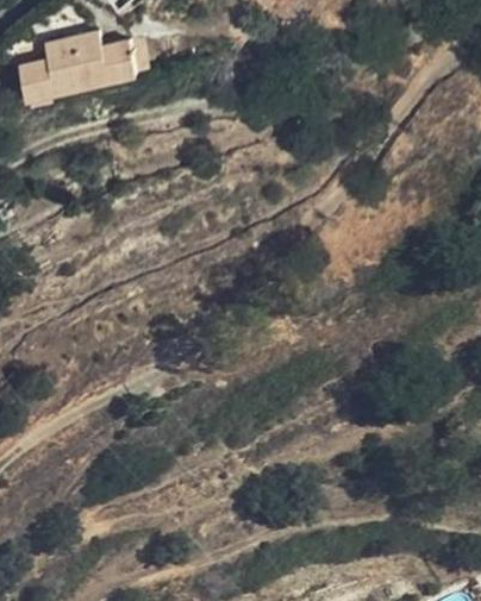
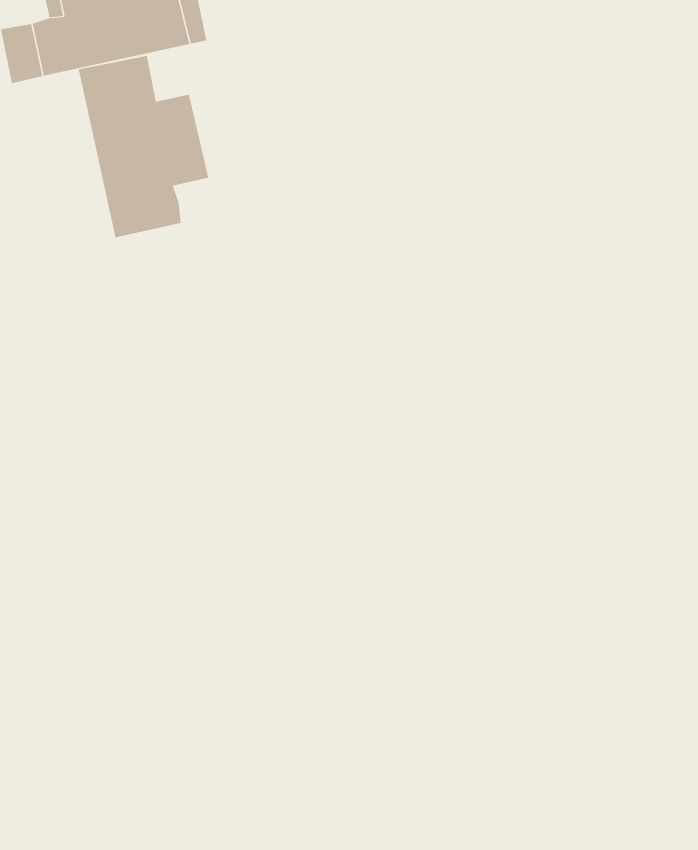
building: none -> [78,55,209,238]

